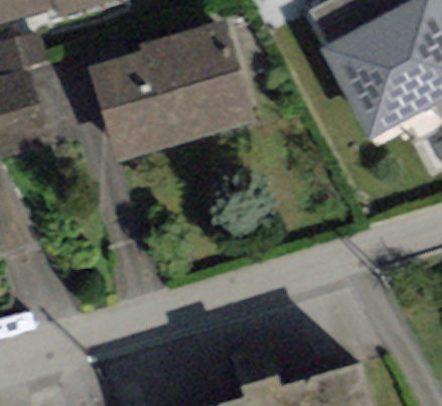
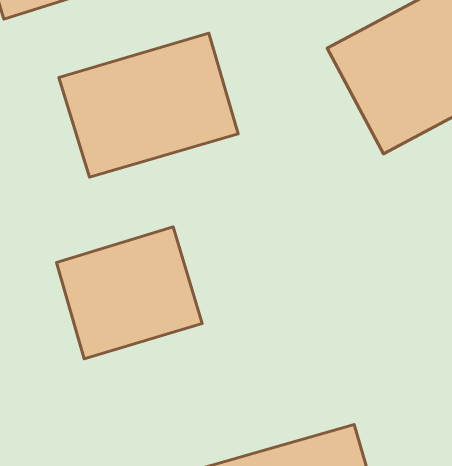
building: none -> [56,227,202,359]

